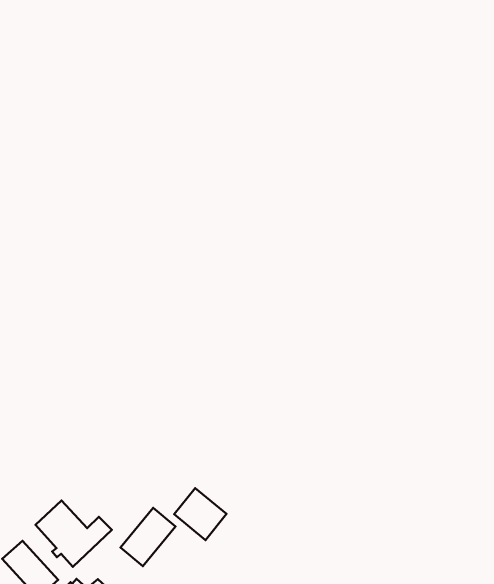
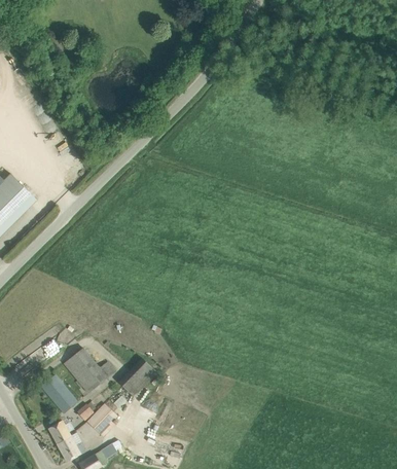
building: [174,488,227,540] -> none

